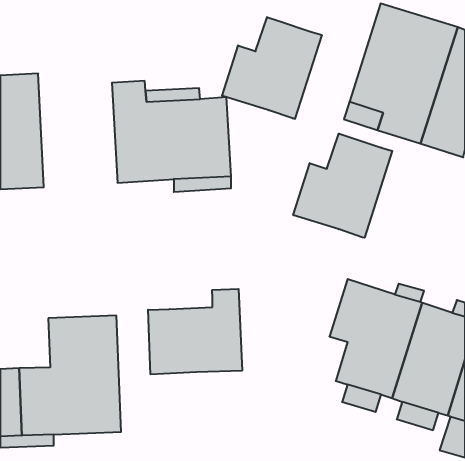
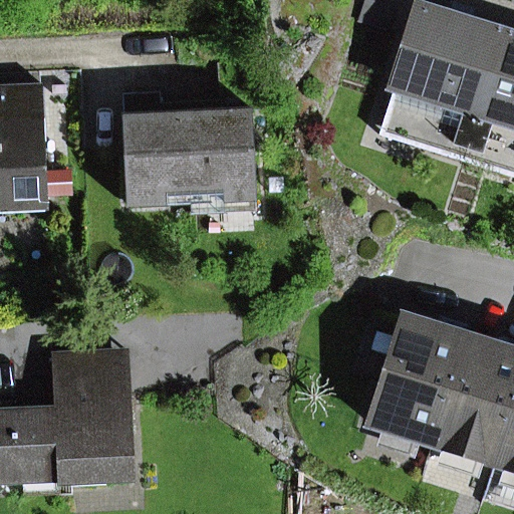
building: [222,17,322,119] -> none
building: [293,134,392,238] -> none
building: [148,289,242,374] -> none

